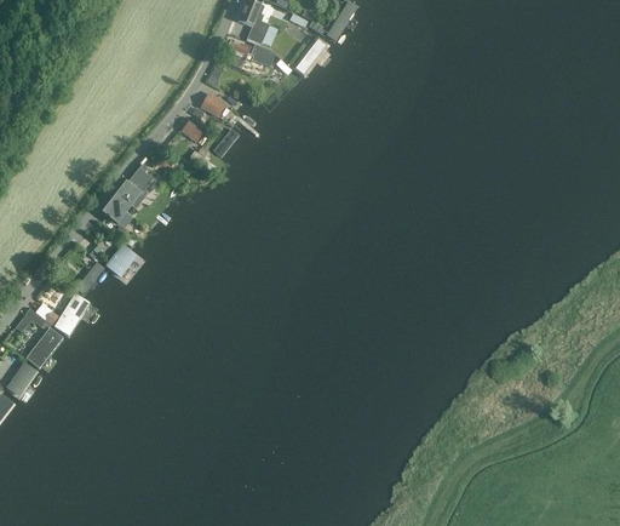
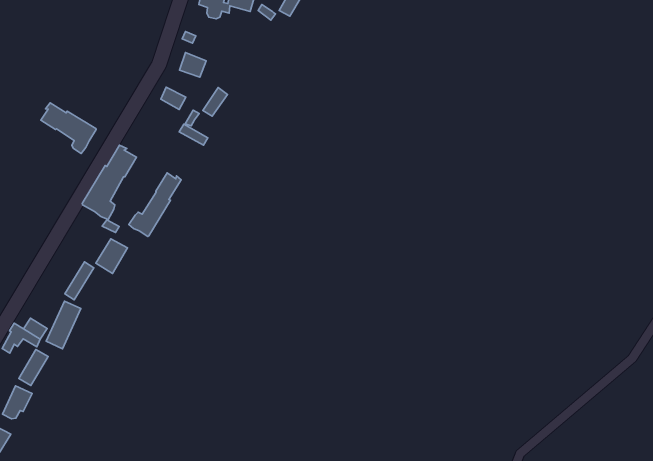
building: none -> [41,103,96,154]
building: none -> [129,173,181,236]

